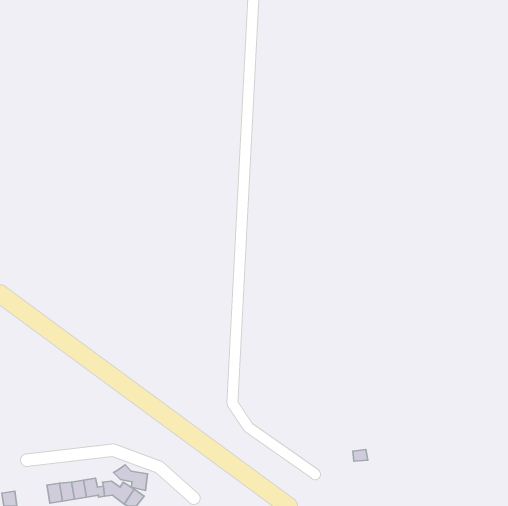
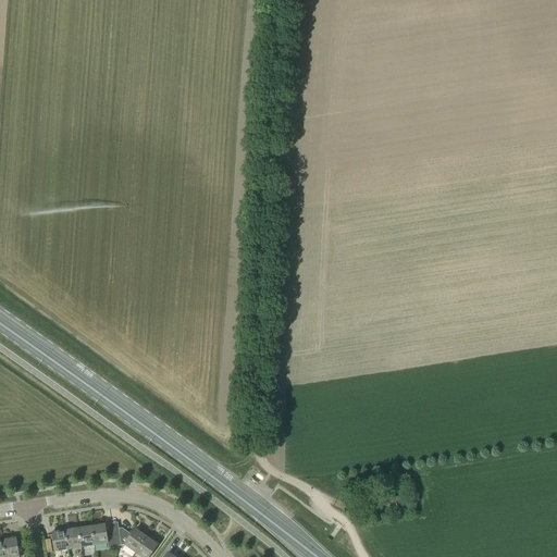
building: [114,465,148,491] -> none

